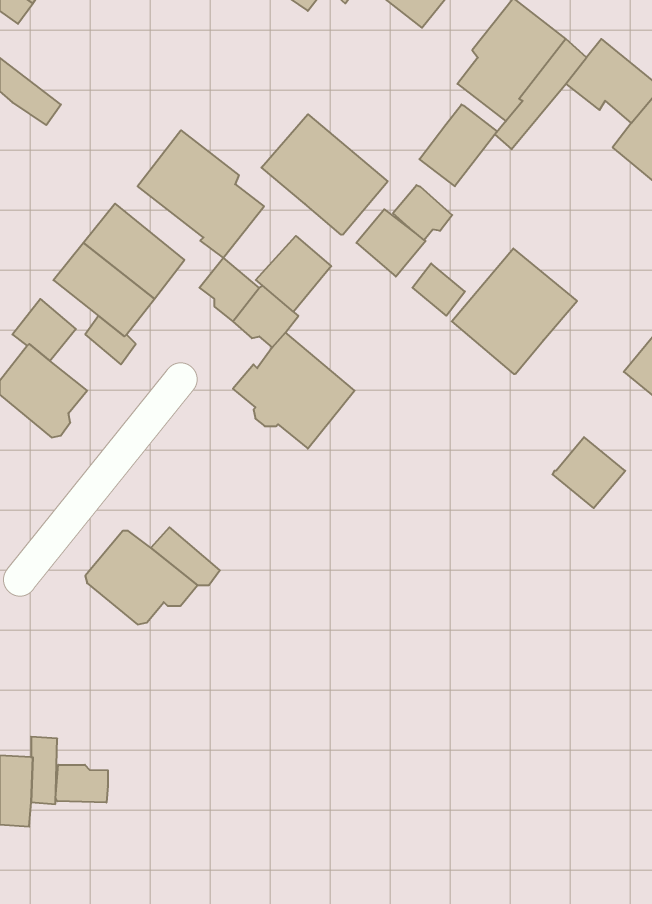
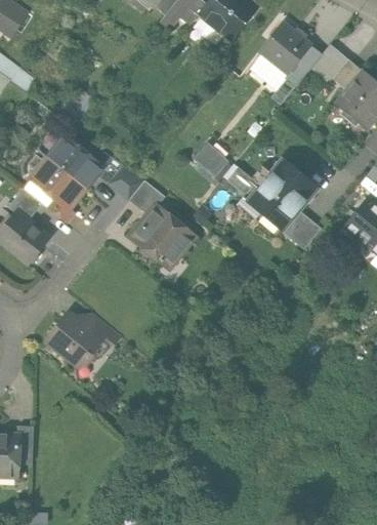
building: [419,104,497,186] -> none
building: [261,114,388,235] -> none
building: [138,130,264,258] -> none
building: [393,185,452,240] -> none
building: [256,236,331,312] -> none
building: [552,437,625,508] -> [281,209,321,248]
building: [56,765,108,803] -> none

